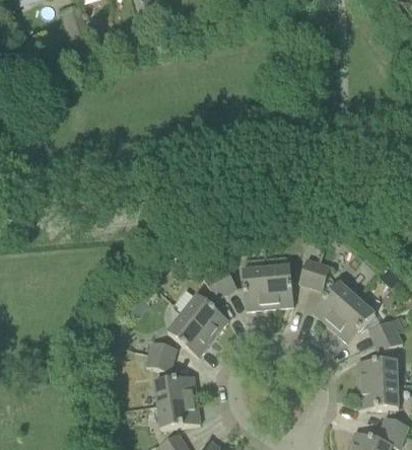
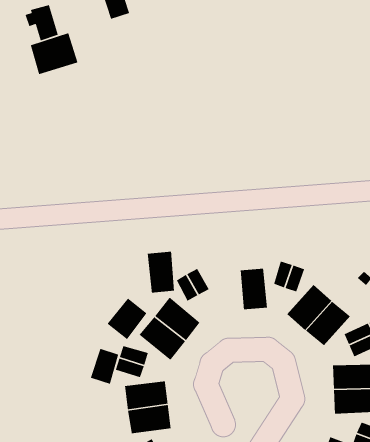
building: none -> [30,32,79,75]
building: [242,267,269,308] -> [147,251,175,293]
building: none -> [106,298,147,340]
building: none -> [90,348,119,385]

